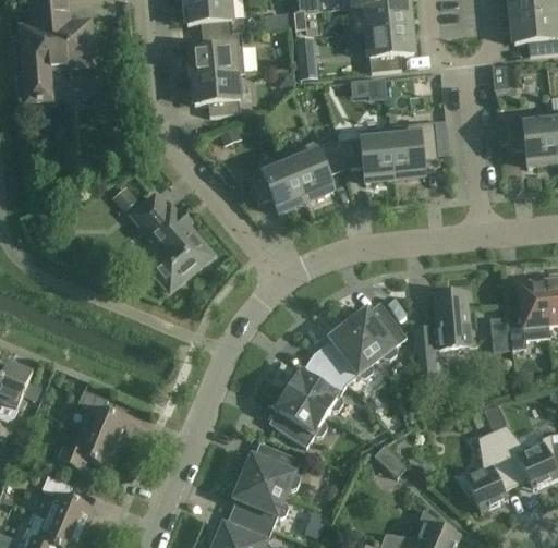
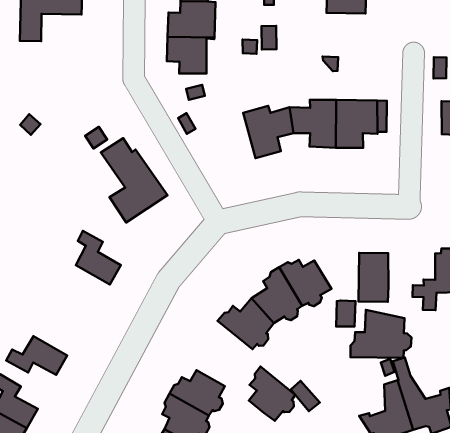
building: [366,26,413,72] -> none
building: [246,153,305,212] -> none
building: none -> [350,310,411,358]
building: [274,388,326,447] -> [249,367,295,421]
building: [78,389,130,446] -> [76,231,121,285]

